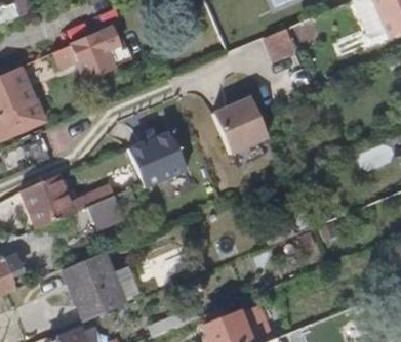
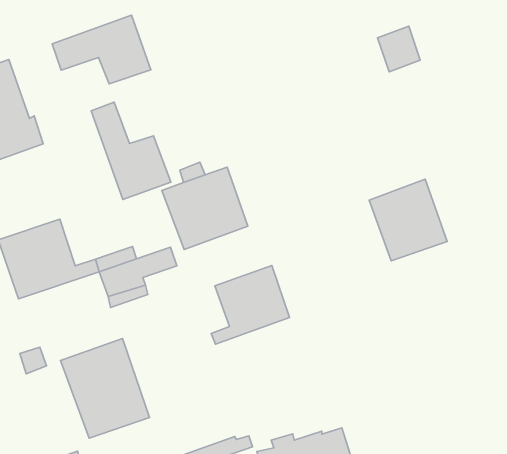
building: none -> [91,102,171,199]
building: [214,96,269,153] -> [369,179,447,261]
building: none -> [211,265,290,344]

